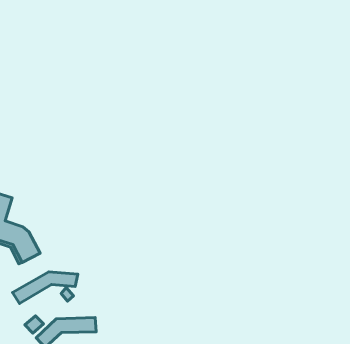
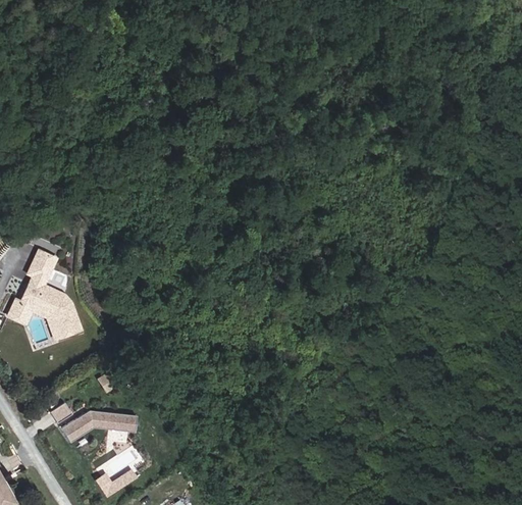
building: [13,272,78,303] -> none

